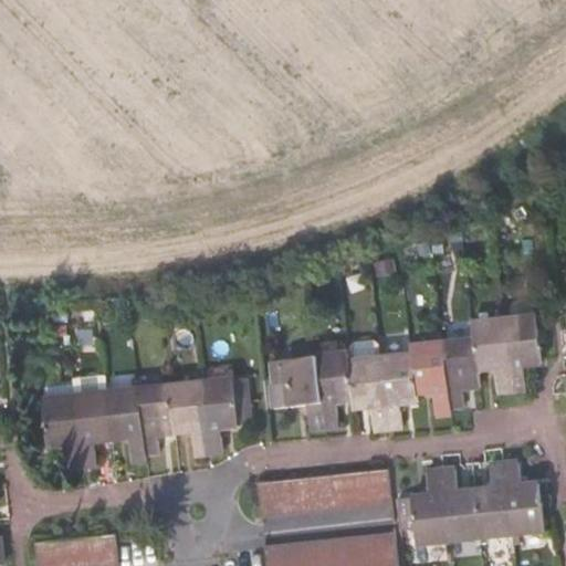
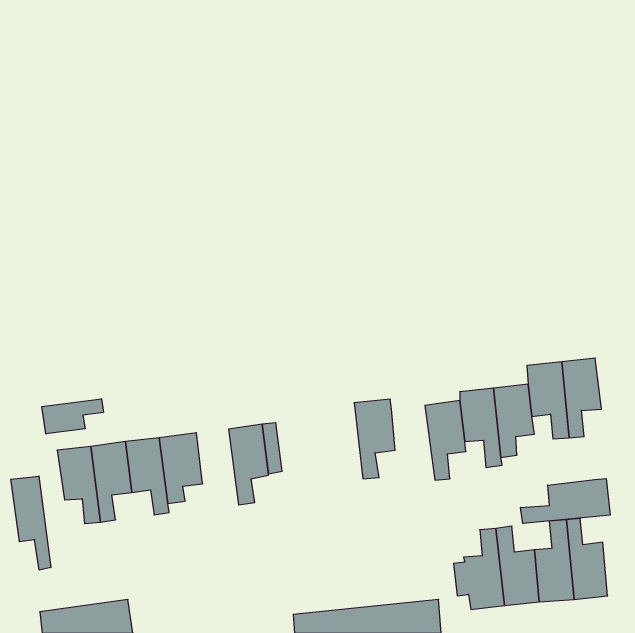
building: none -> [42,399,103,434]
building: [275,358,323,427] -> none
building: [348,360,387,429] -> none
building: [175,381,212,451] -> none
building: none -> [11,476,51,570]
building: none -> [521,479,610,524]
building: [252,472,385,521] -> none

